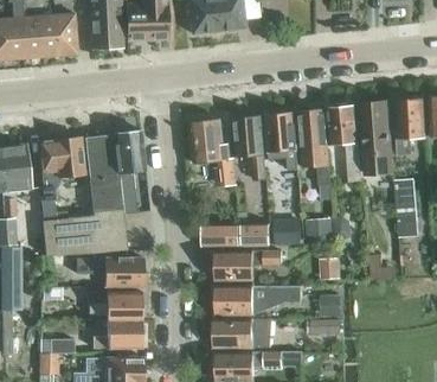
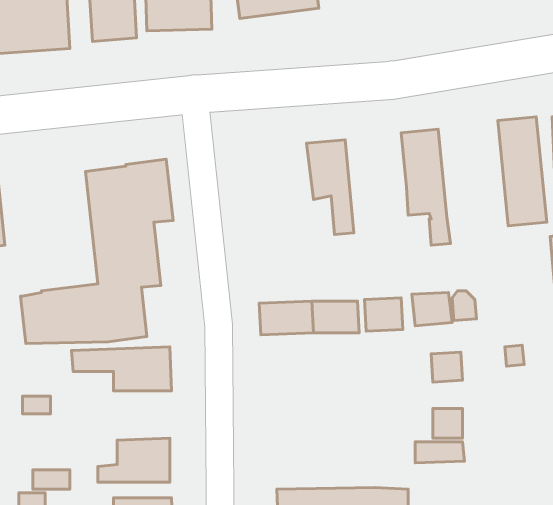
building: [329,106,361,180] -> none
building: [264,112,300,170] -> none
building: [191,119,237,183] -> none
building: [39,135,83,221] -> none
building: [216,249,282,280] -> none
building: [216,285,302,313] -> none
building: [88,291,142,318] -> none
building: [213,319,269,348] -> none

